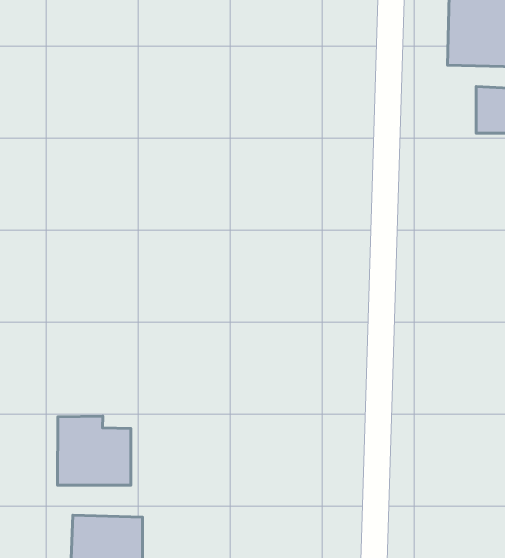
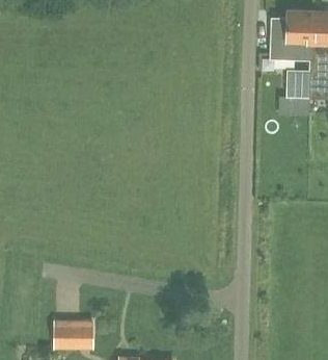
building: [58,416,131,485] -> none

